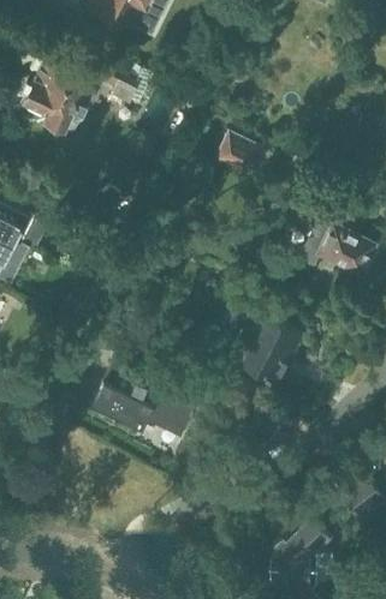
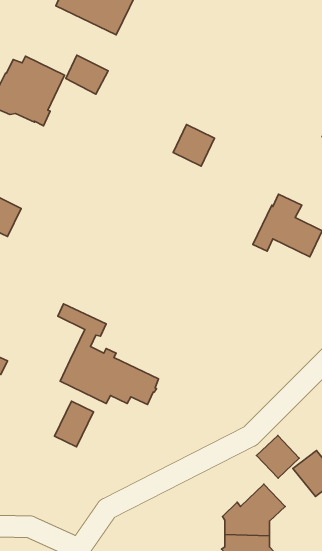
building: [231,312,301,382] -> none
building: none -> [54,401,94,447]
building: none -> [257,436,299,478]

